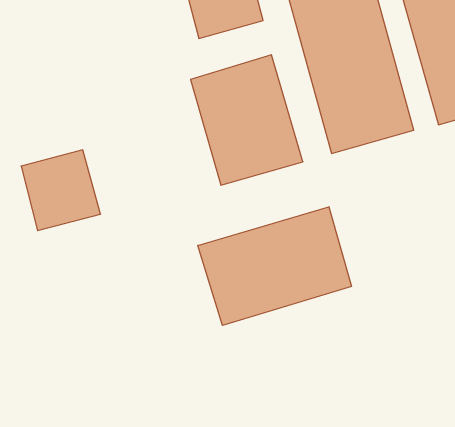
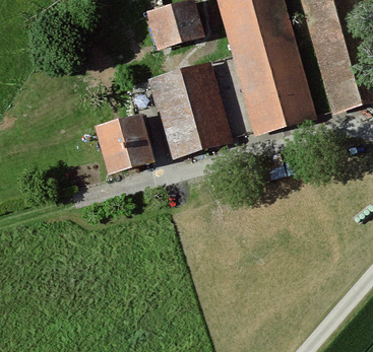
building: [21,150,101,231] -> [95,113,153,172]
building: [198,207,351,325] -> none

